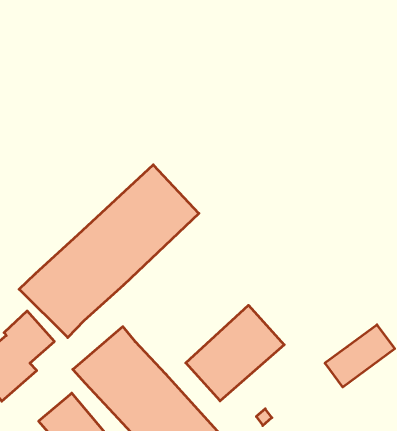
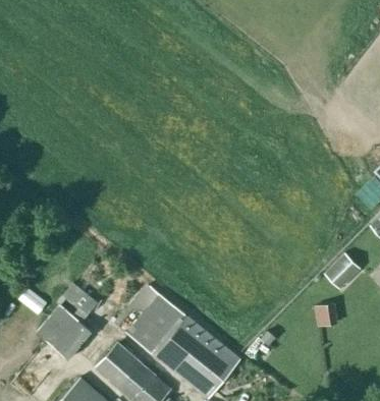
building: [19,165,199,338] -> none
building: [186,305,284,401] -> none

